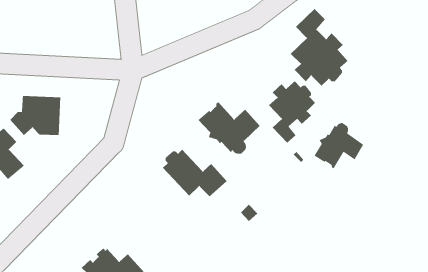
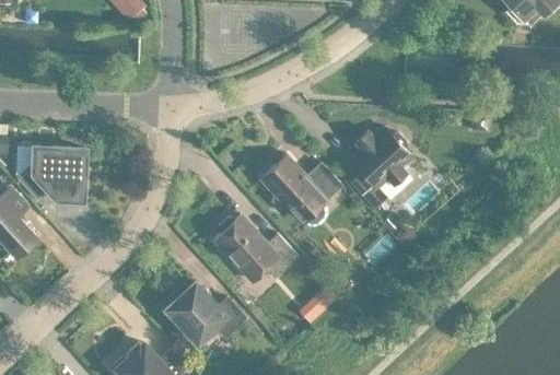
building: [290,8,348,86] -> none
building: [314,122,364,170] -> none
building: none -> [165,282,245,342]

